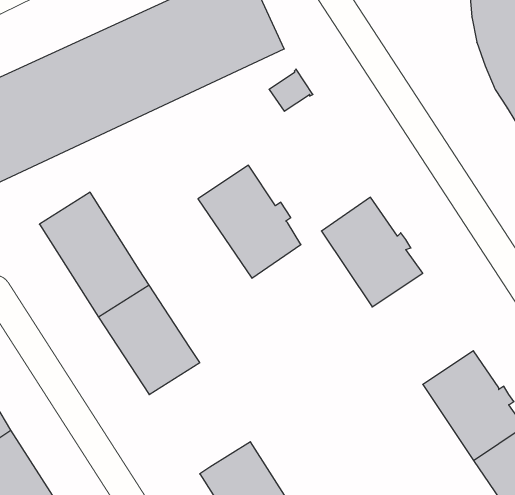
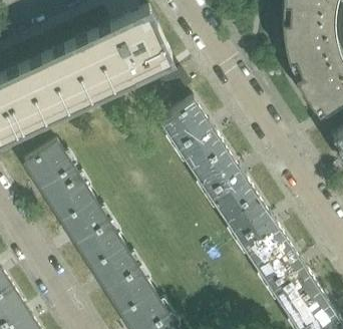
building: [198,165,301,278] -> [163,103,225,171]
building: none -> [226,196,286,262]
building: none -> [93,249,153,315]

